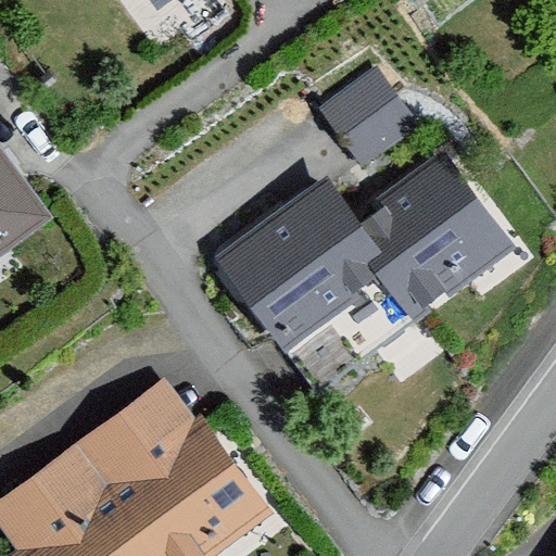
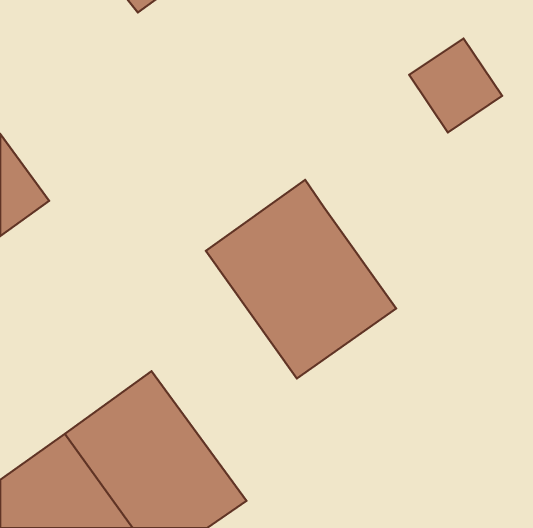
building: [325,56,421,154] -> [409,38,502,132]
building: [338,151,503,320] -> none

